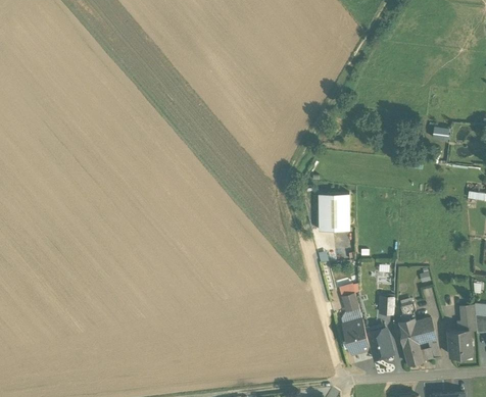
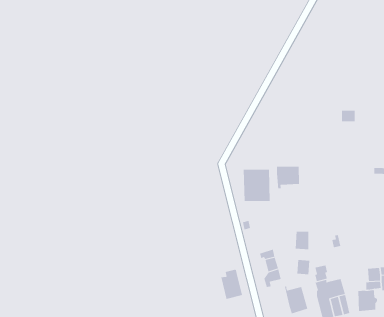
building: none -> [276,166,300,189]
building: [345,319,371,354] -> [220,269,243,300]

